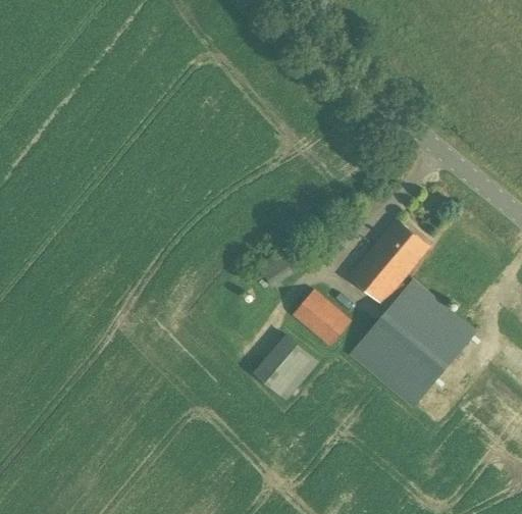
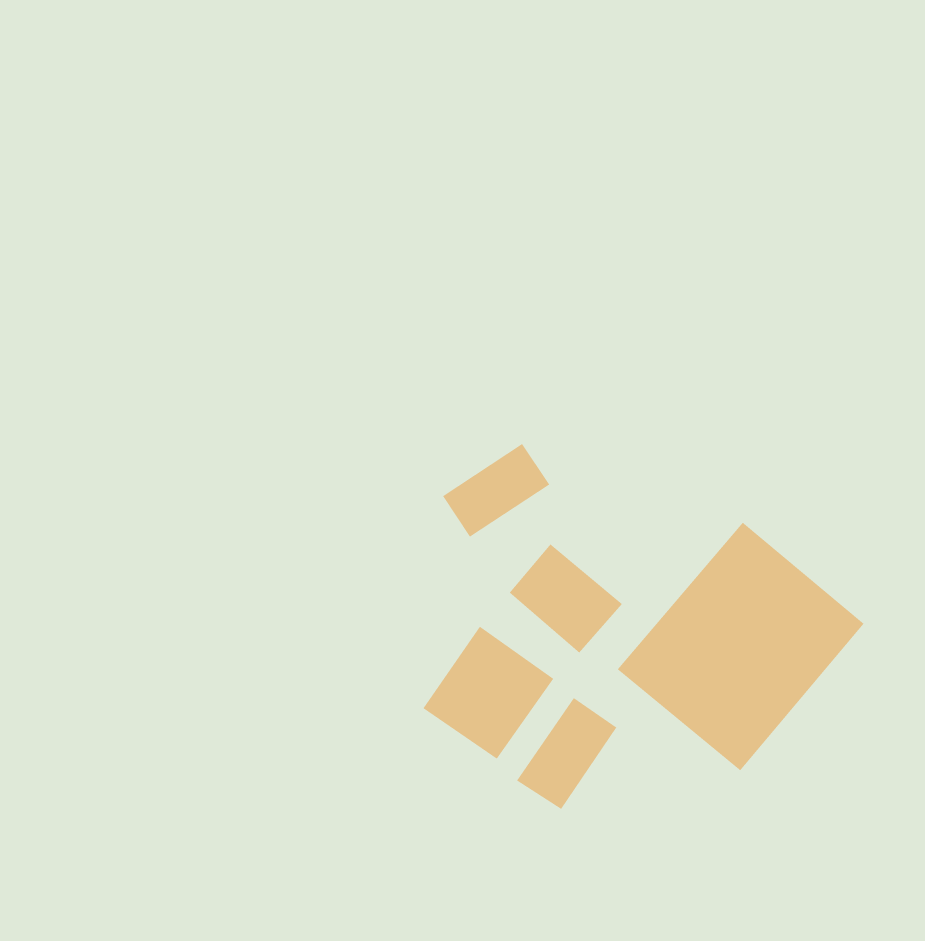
building: [351,218,430,303] -> none
building: none -> [516,697,617,810]

